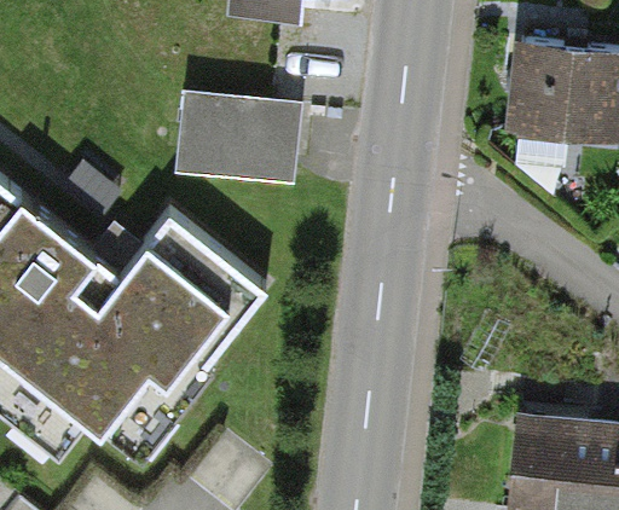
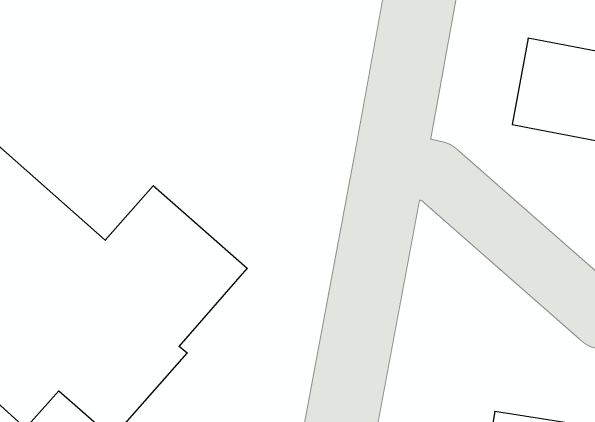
building: [187,83,311,179] -> none

